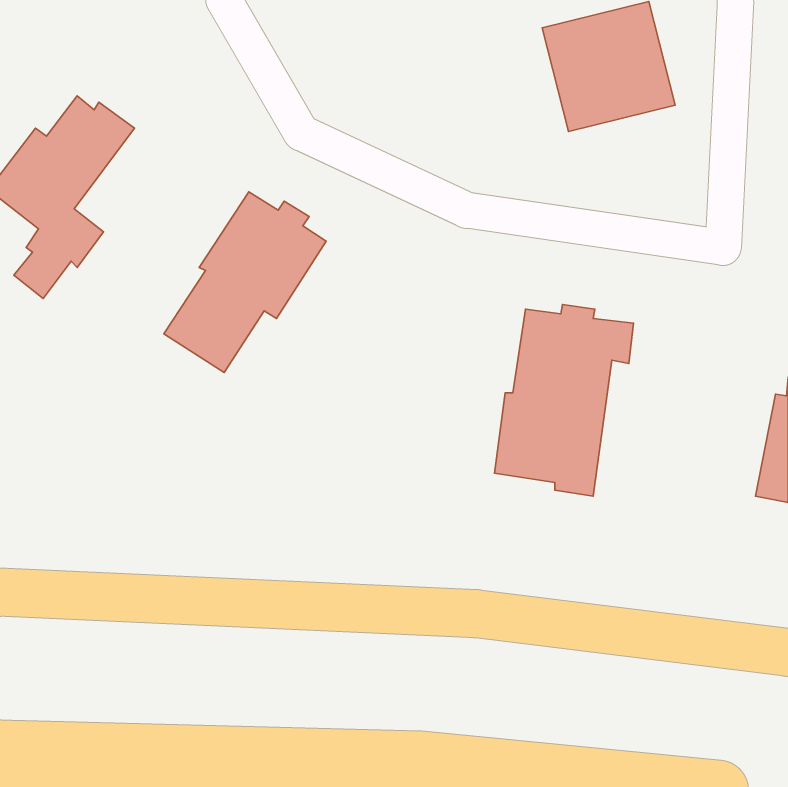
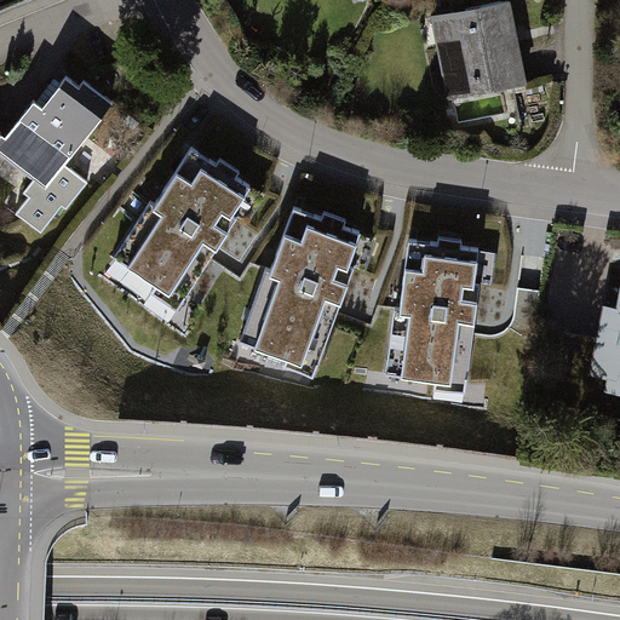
building: none -> [245,208,364,367]

